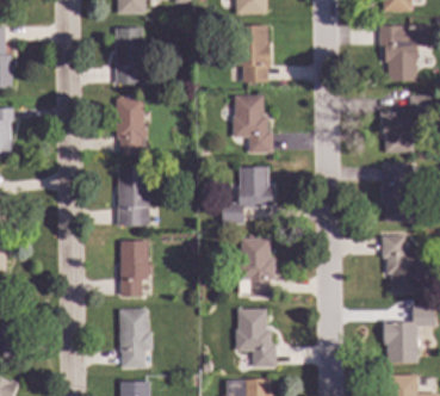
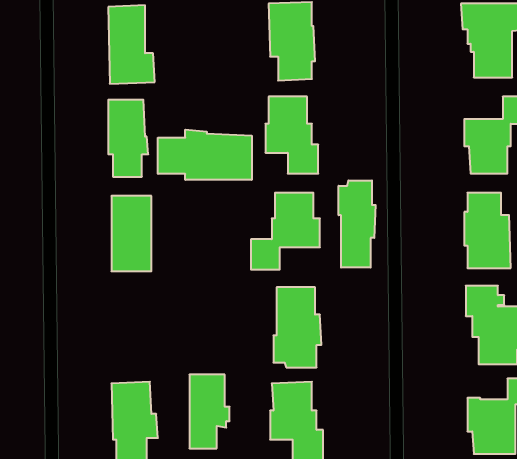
building: none -> [158,130,252,180]
building: none -> [339,180,376,268]
building: [120,240,150,295] -> [189,375,230,448]

